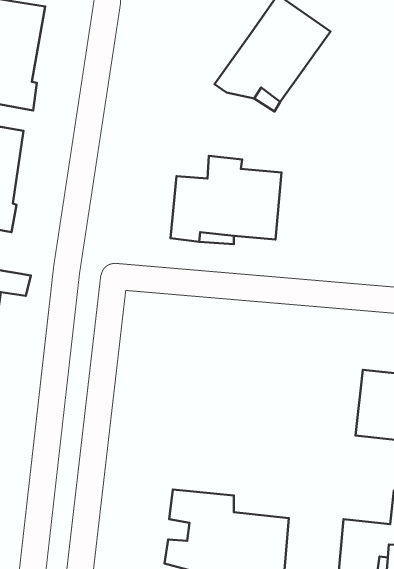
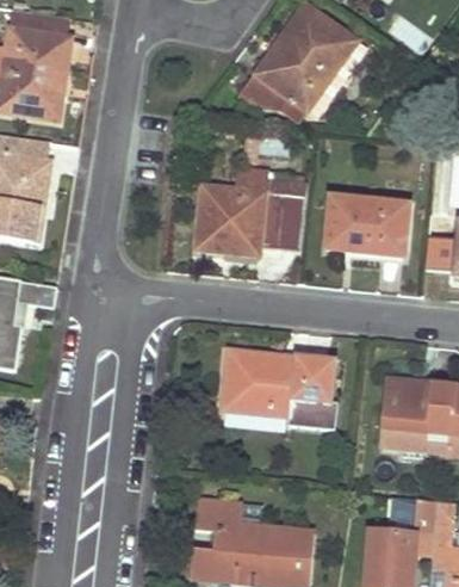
building: none -> [325,198,407,252]
building: none -> [221,348,335,430]

